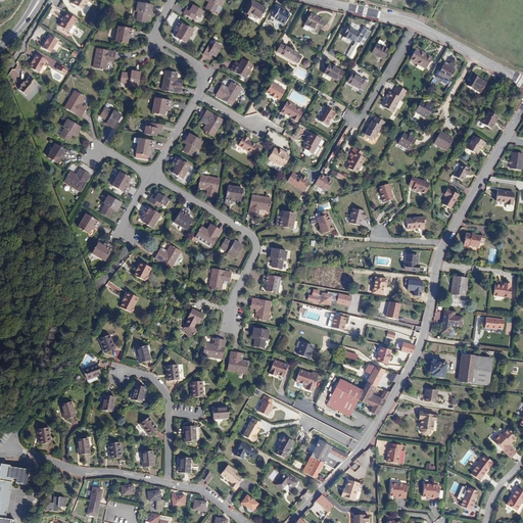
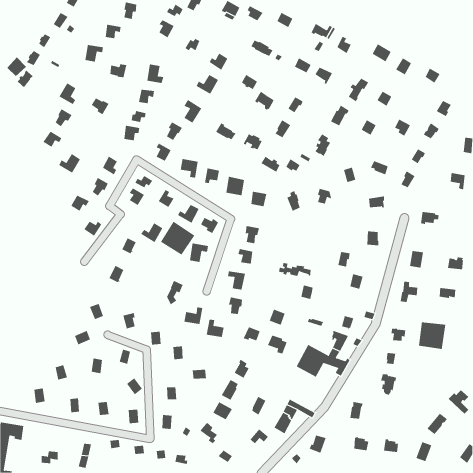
building: none -> [160,221,195,255]

